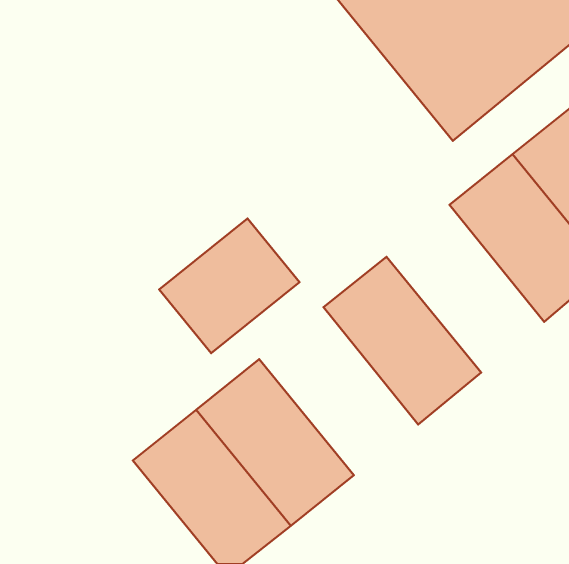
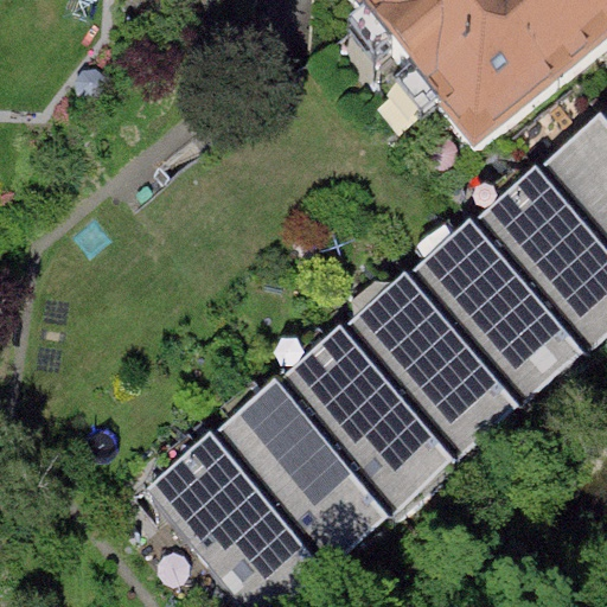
building: none -> [414,216,580,392]
building: [159,218,299,353] -> none
building: none -> [280,324,447,500]

